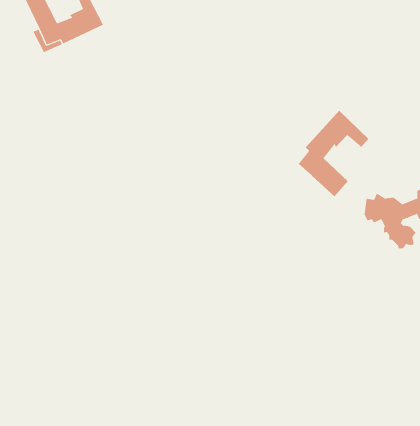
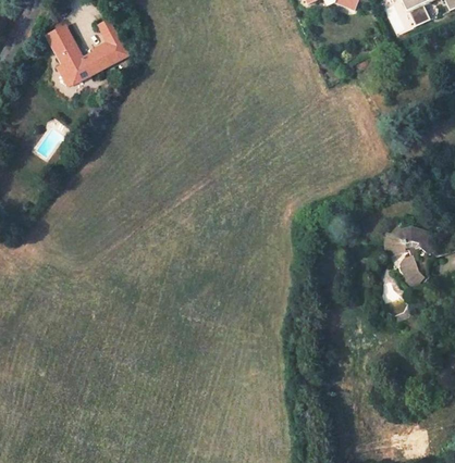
building: [298,110,369,197] -> none

